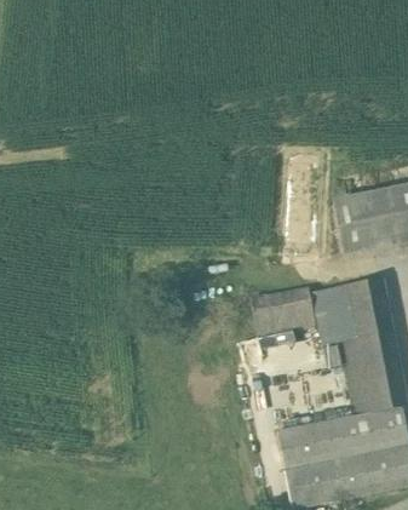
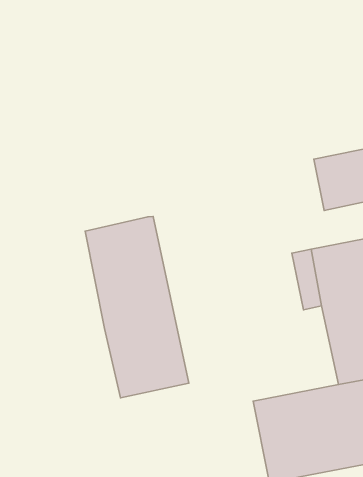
building: none -> [85,216,189,398]
building: [251,285,316,334] -> none

